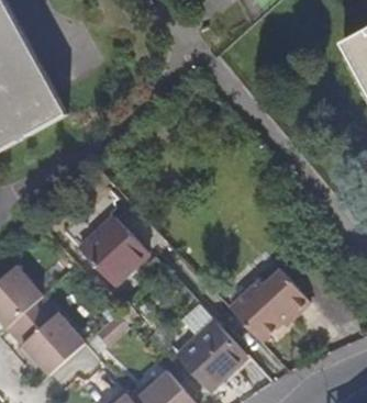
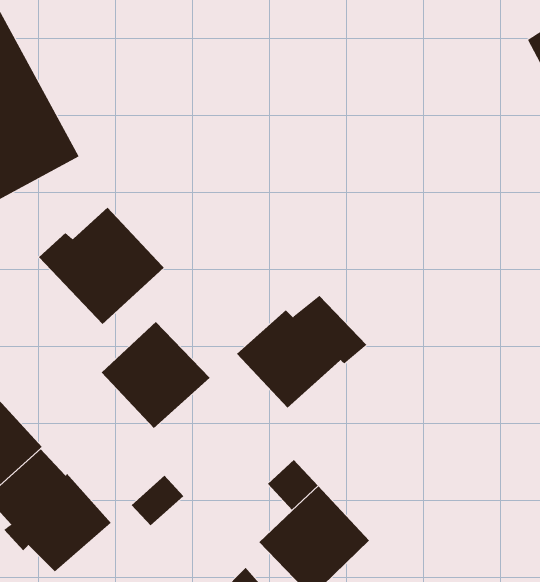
building: none -> [38,207,165,325]
building: [227,271,309,342] -> [236,295,367,409]

